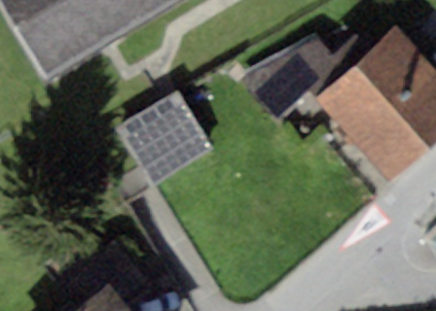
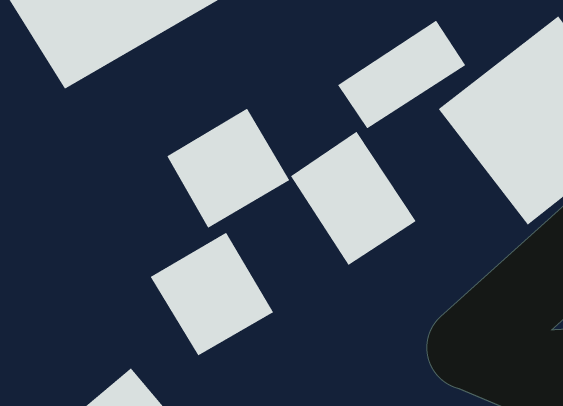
building: none -> [290,131,416,266]
building: none -> [150,232,274,356]

